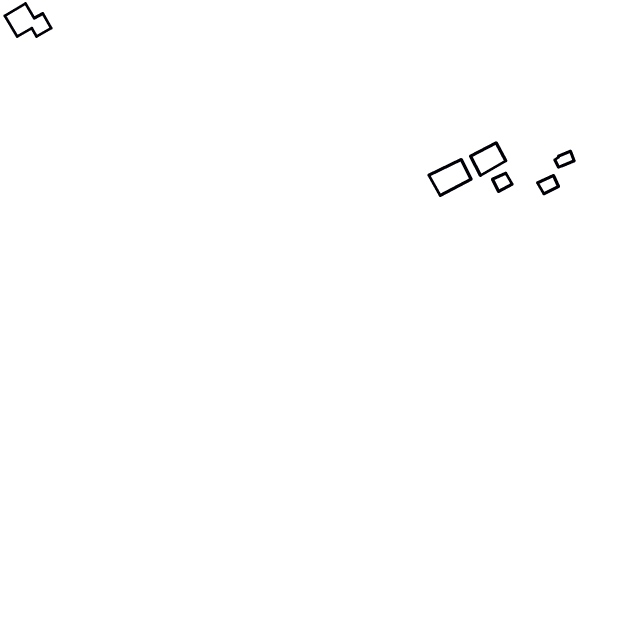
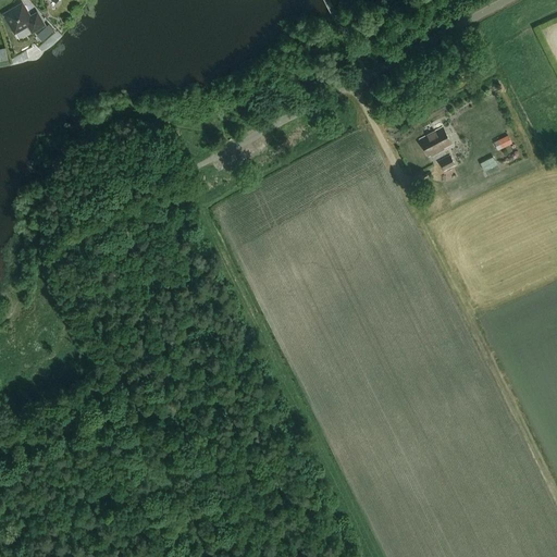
building: [429,159,471,196] -> none

